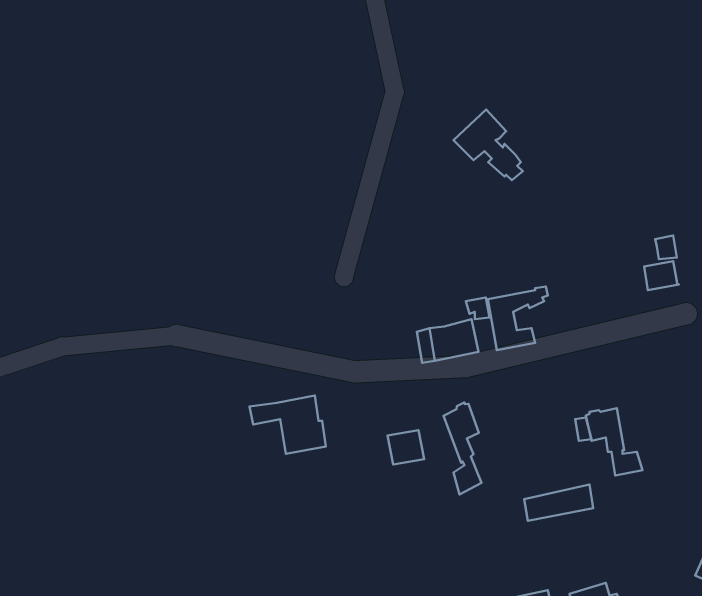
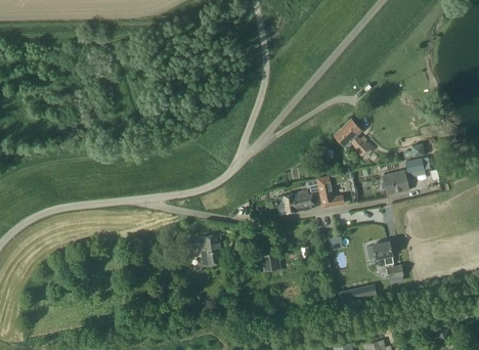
building: [454,109,523,180] -> [333,119,372,159]
building: none -> [381,172,409,196]
building: [443,402,481,495] -> none

